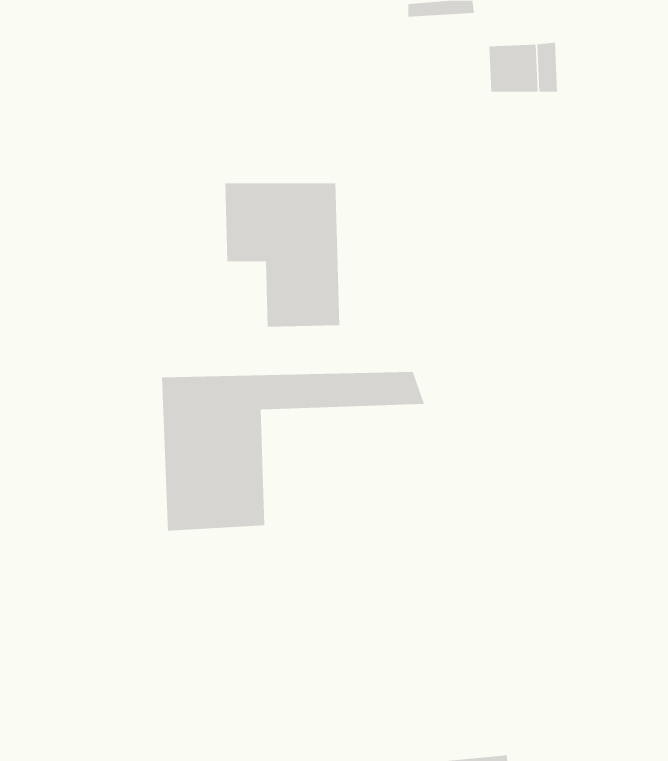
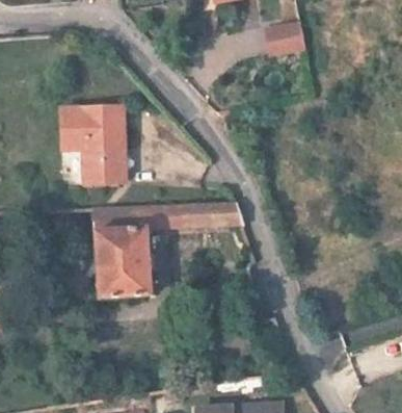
building: [225,183,340,327] -> [55,97,117,175]

